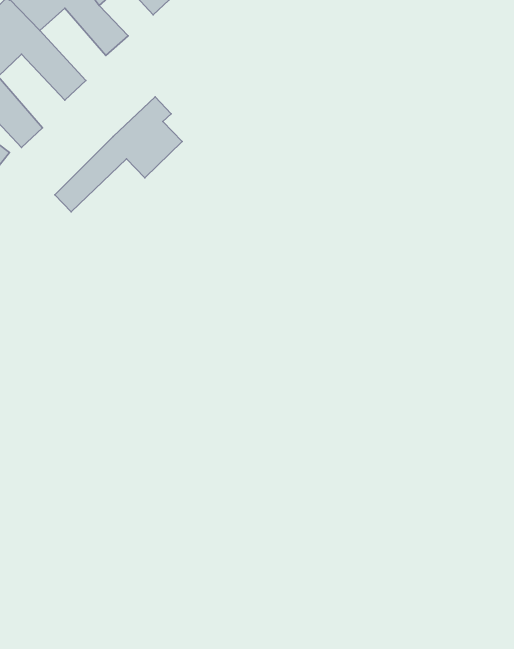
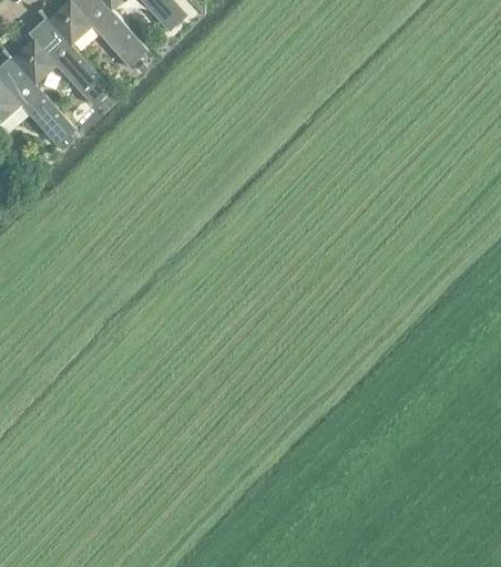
building: [55,97,182,212] -> none

